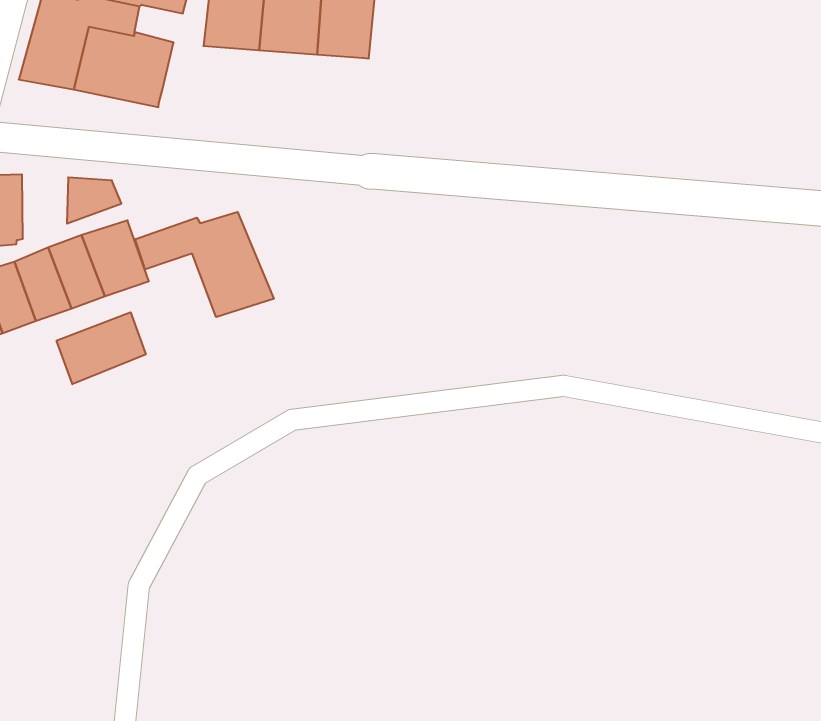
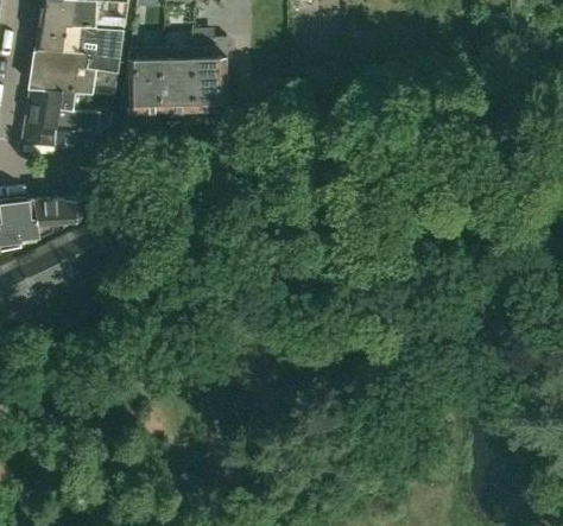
building: none -> [31,196,61,235]
building: [135,212,274,317] -> none
building: [57,312,146,384] -> none

